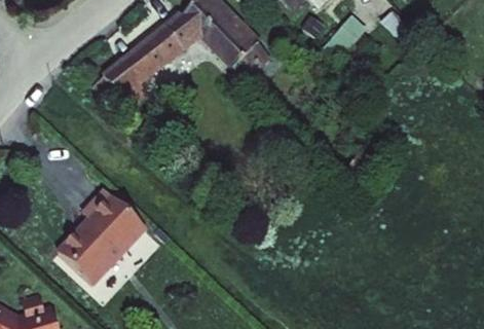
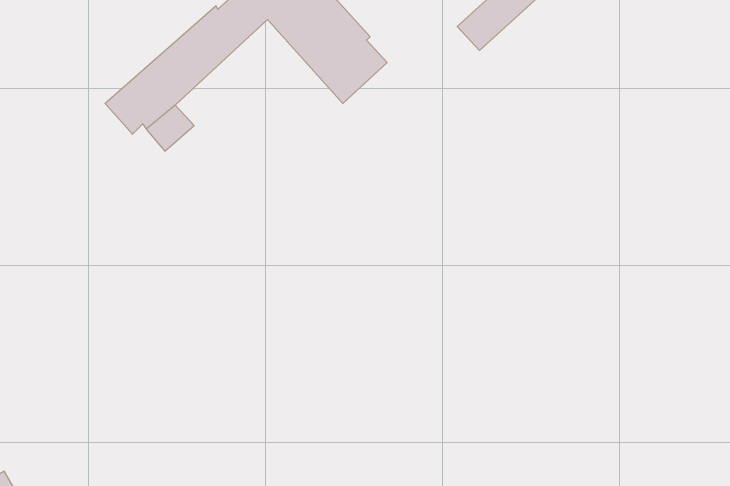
building: [62,187,149,282] -> none

